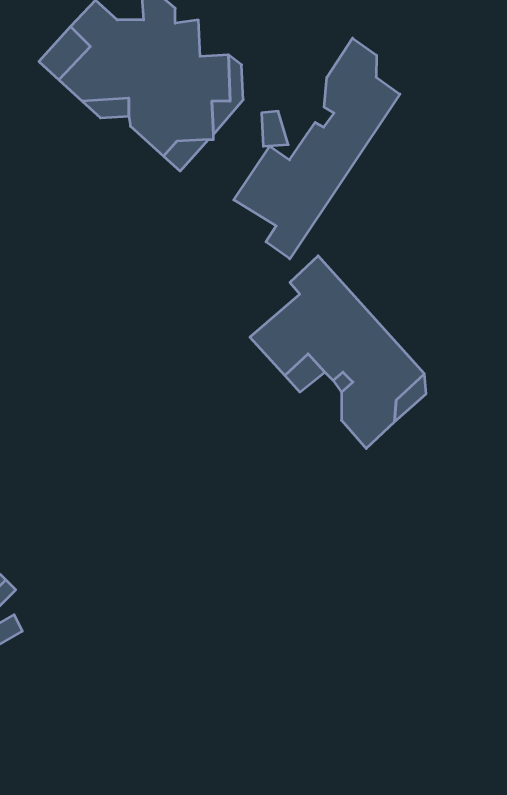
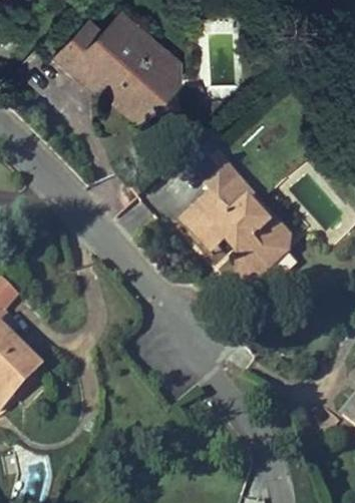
building: [234,38,400,259] -> none

